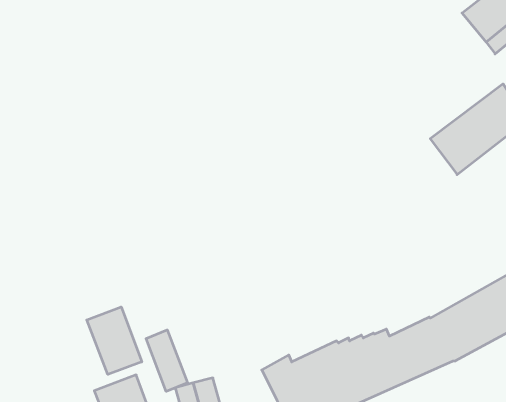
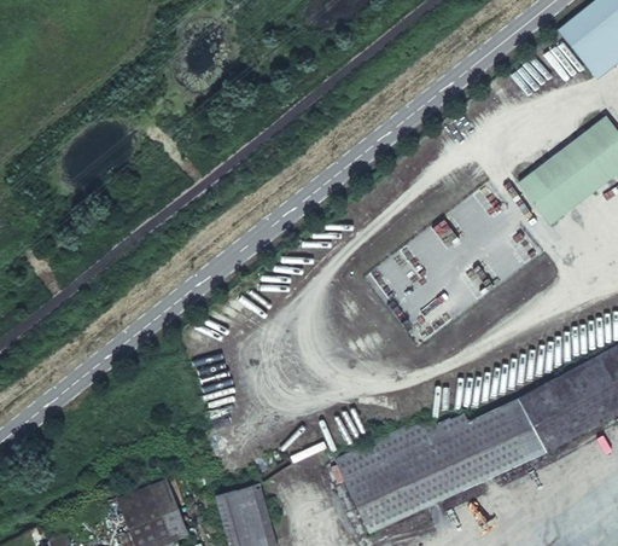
building: [87,307,142,374] -> none
building: [146,330,187,391] -> none

